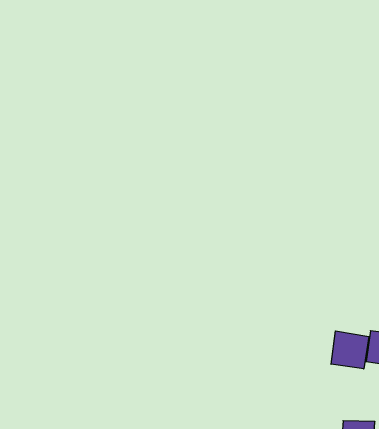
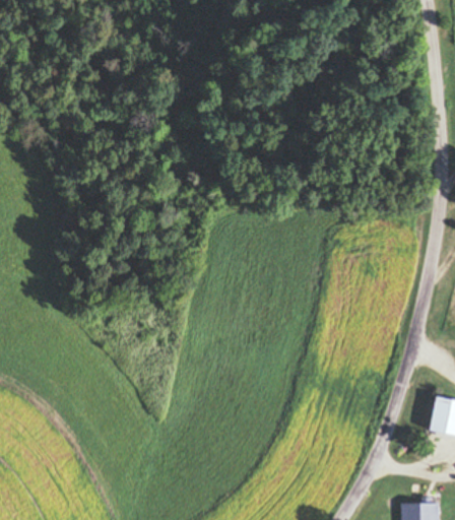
building: [331,331,369,369] -> none

